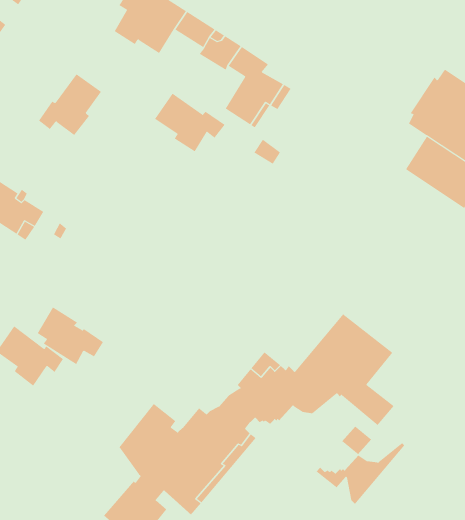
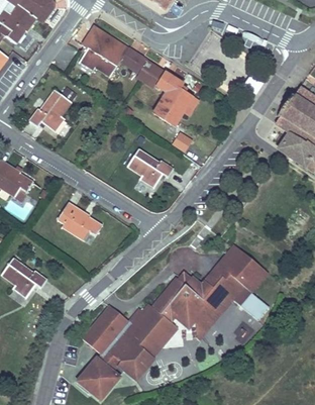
building: [154,93,225,152] -> [127,146,175,186]
building: [37,307,104,365] -> [58,202,102,240]
building: [316,443,405,505] -> [171,302,230,343]

